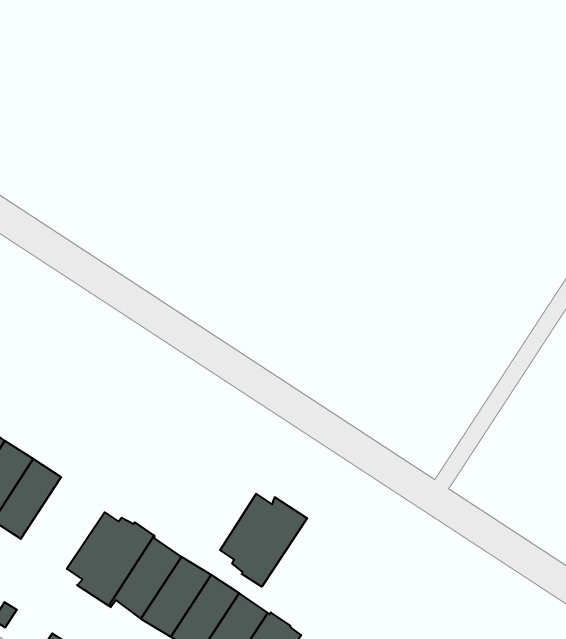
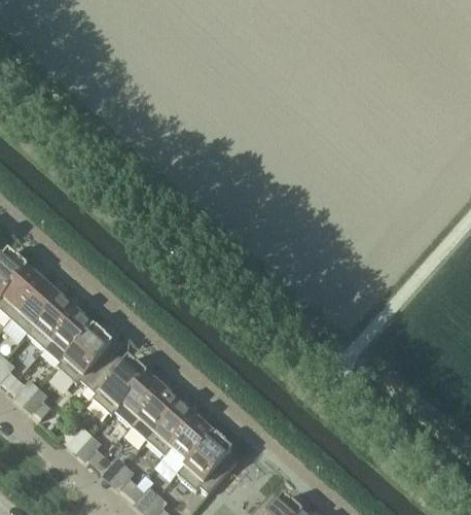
building: none -> [57,324,116,384]
building: [220,494,307,587] -> none

